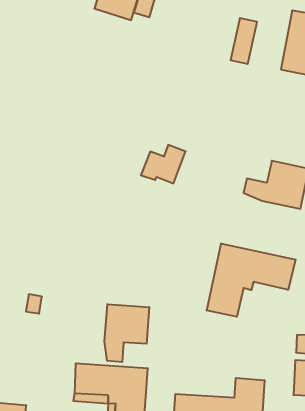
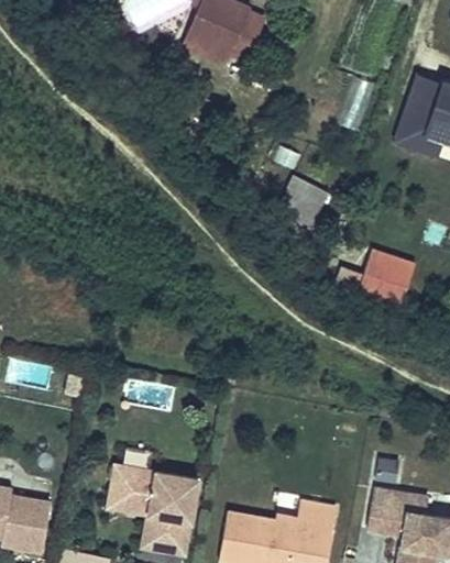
building: [141,145,186,183] -> [274,183,330,229]
building: [207,243,296,317] -> none
building: [104,304,149,362] -> none

